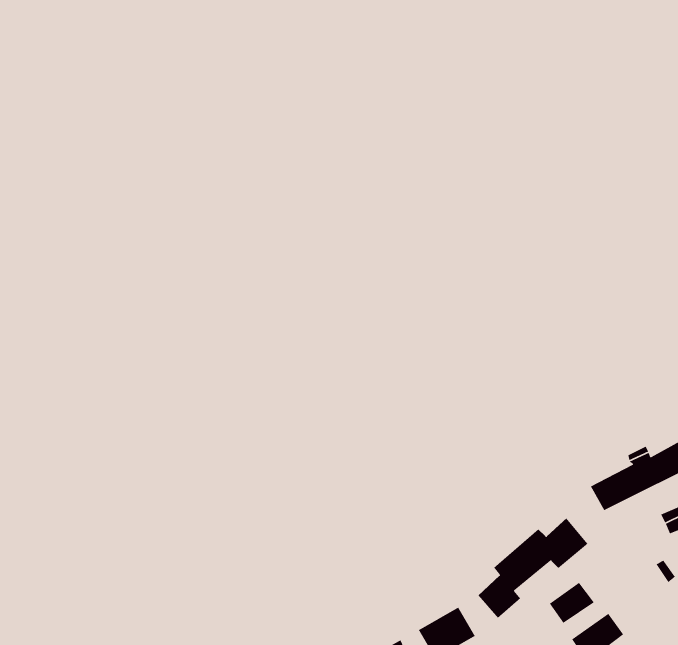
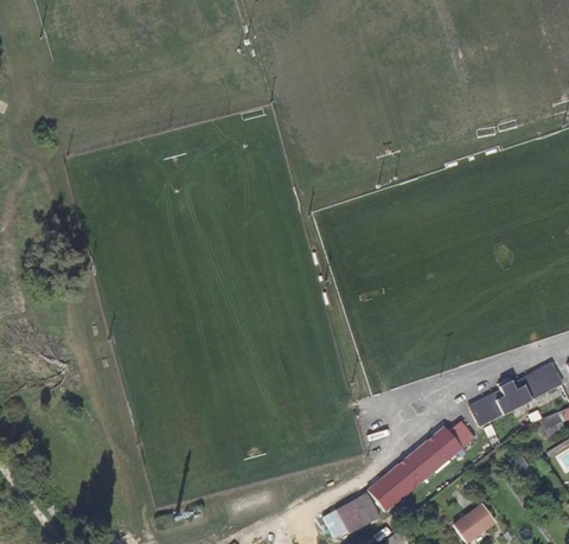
building: [549,582,595,624] -> none

